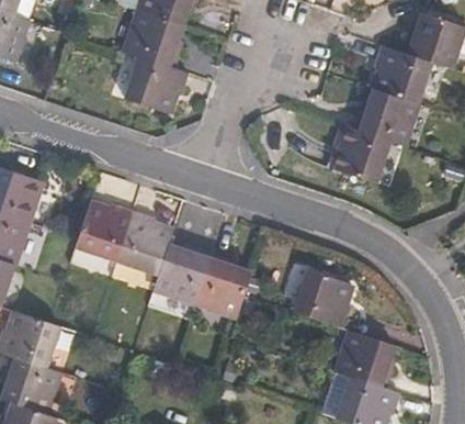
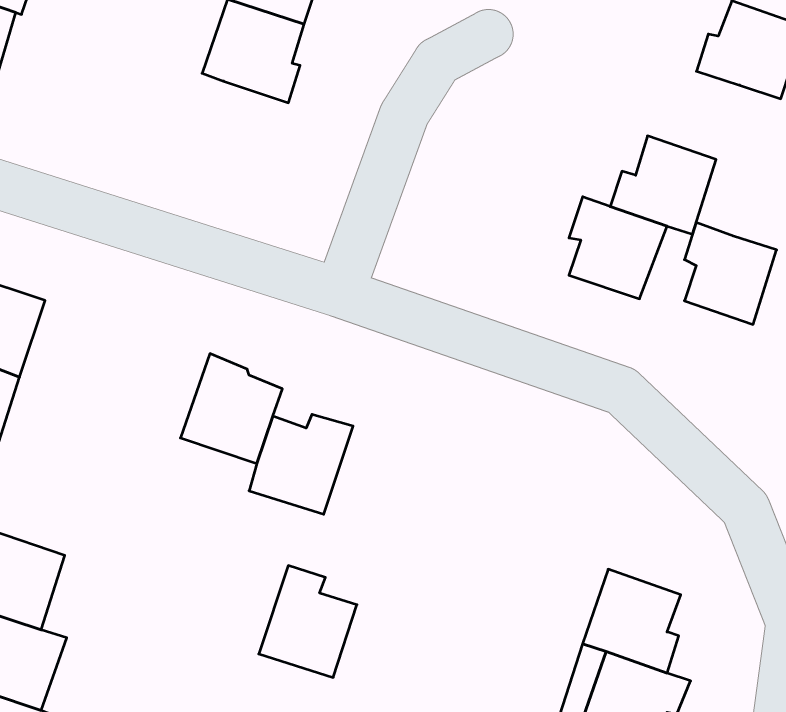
building: [376,46,428,103] -> [684,222,777,324]
building: [127,59,189,114] -> none
building: [75,202,132,259] -> none
building: [195,253,250,315] -> [259,566,357,677]
building: [296,272,352,330] -> none

